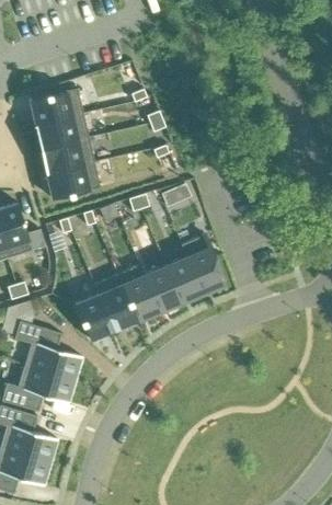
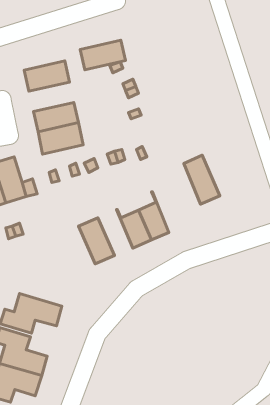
building: [35,114,89,149] -> [80,40,125,70]
building: [182,234,225,292] -> [184,155,220,204]
building: [117,265,159,320] -> none
building: [75,285,114,341] -> none
building: [14,321,81,380] -> none

